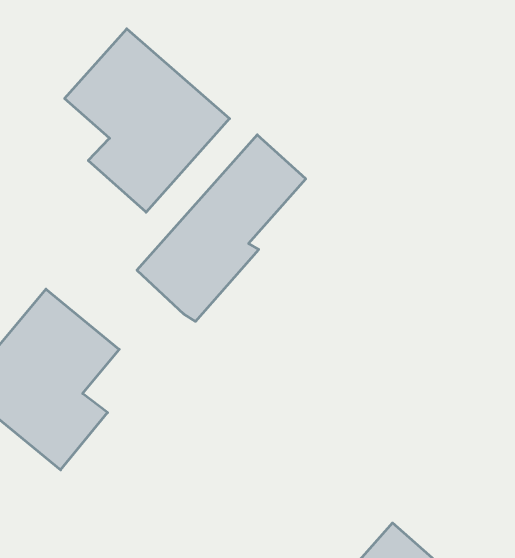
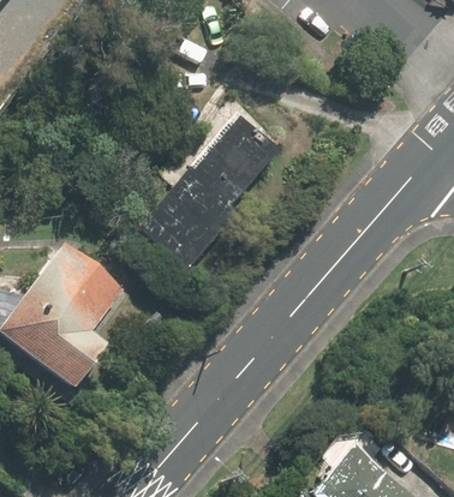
building: [65,29,230,212] -> none

